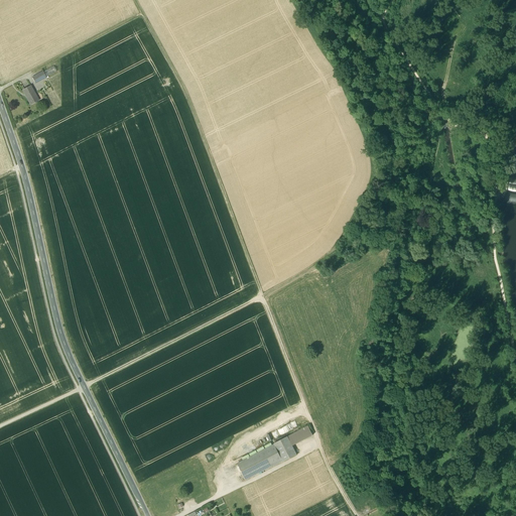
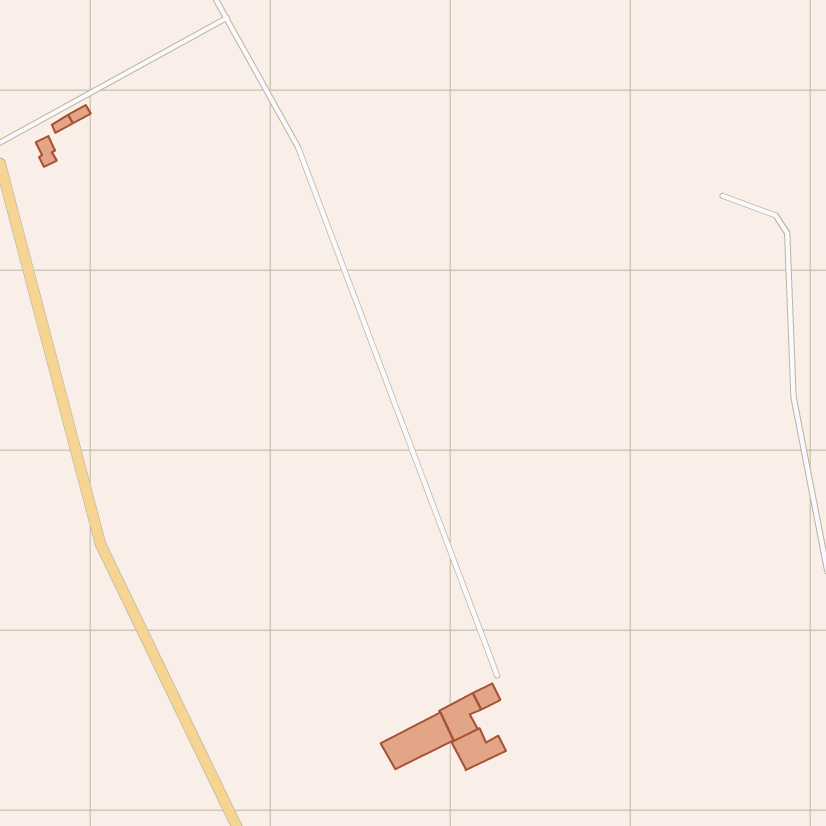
building: none -> [452,728,506,770]

